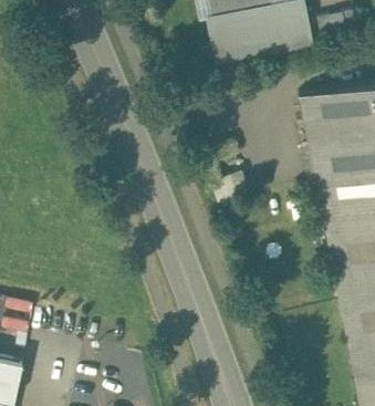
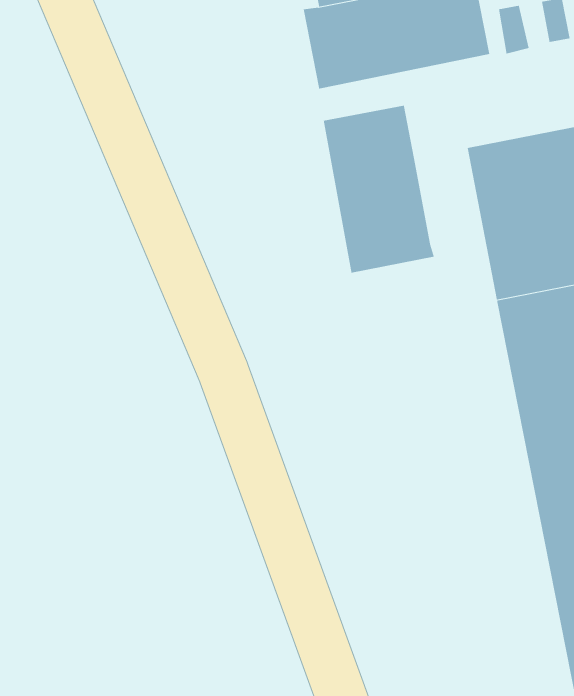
building: none -> [323,105,434,273]

